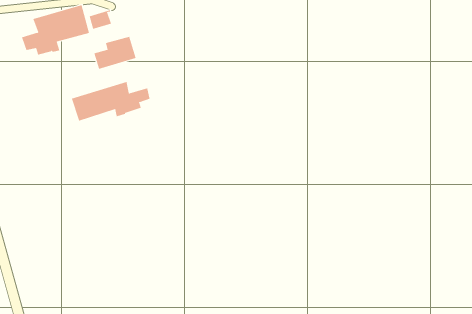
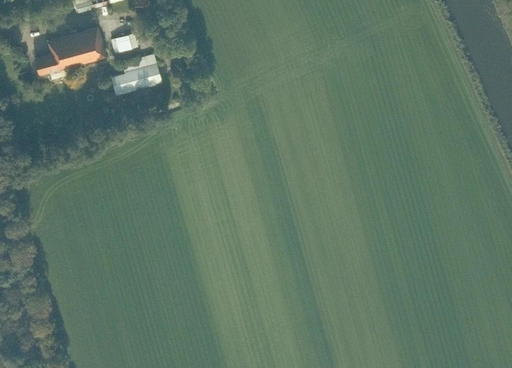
building: [71,81,150,121] -> none

